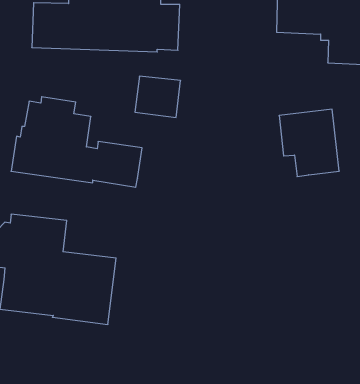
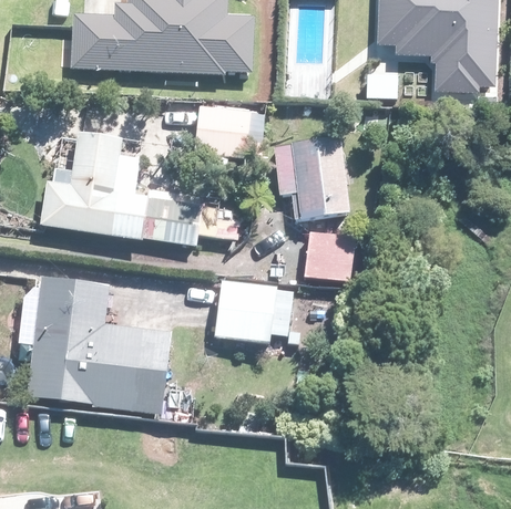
building: [279,109,339,177] -> [275,137,349,220]
building: none -> [306,232,356,281]
building: none -> [216,281,293,342]

